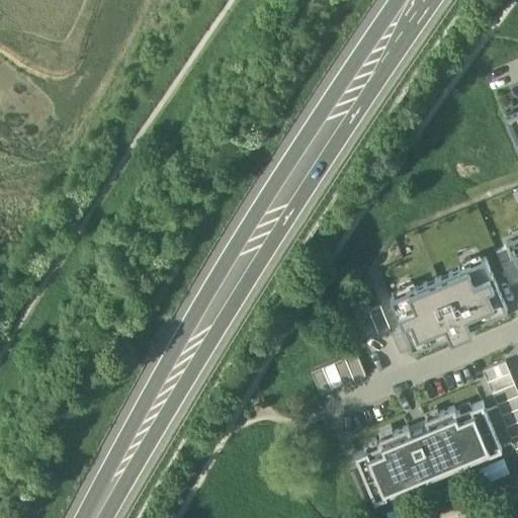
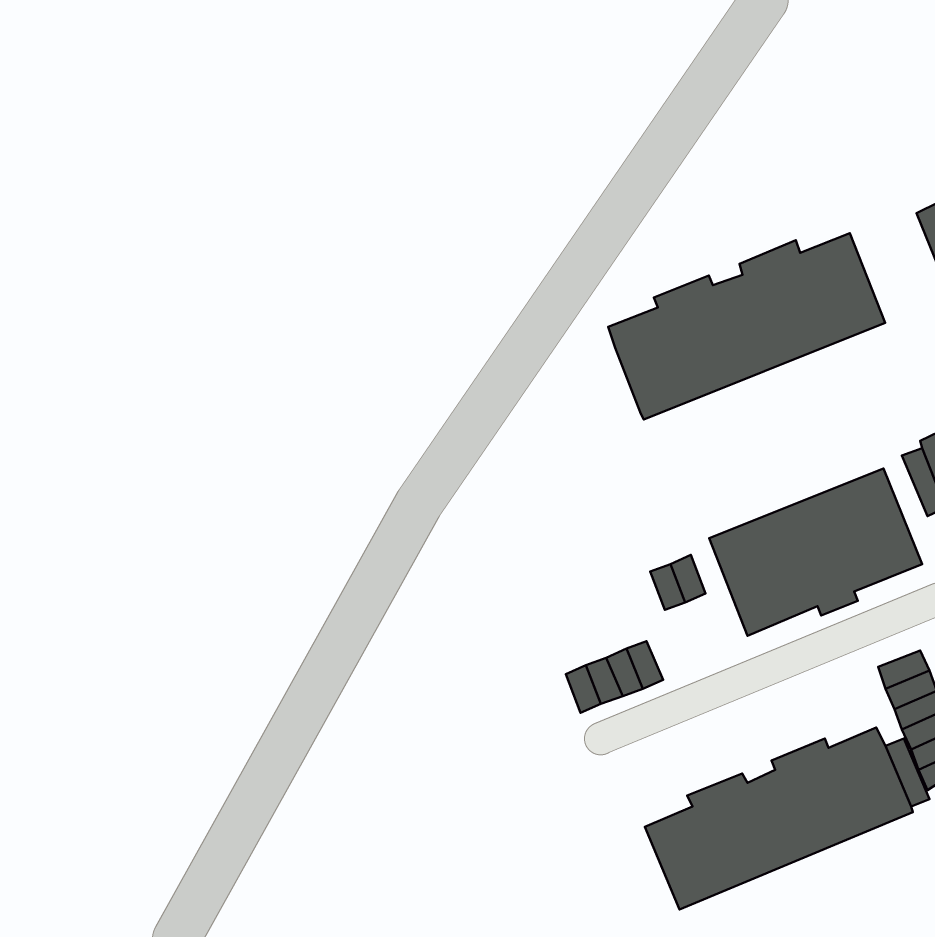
building: none -> [608,233,885,419]

